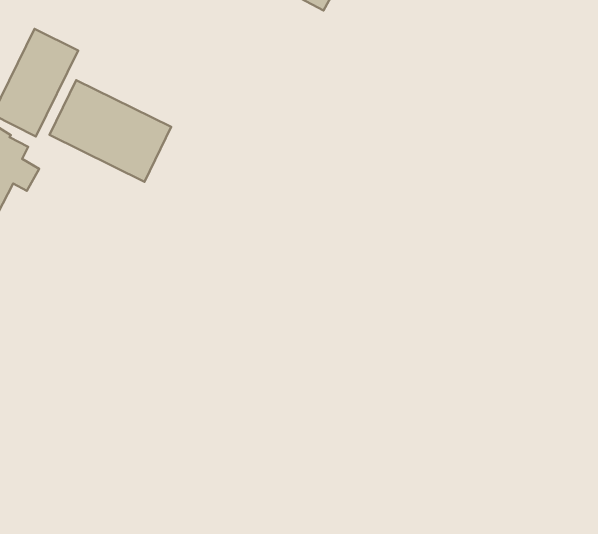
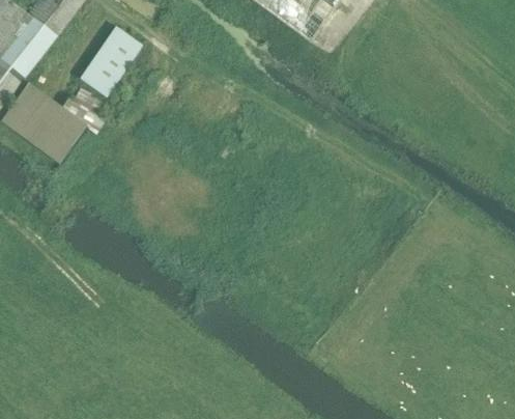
building: [50,80,171,182] -> none

